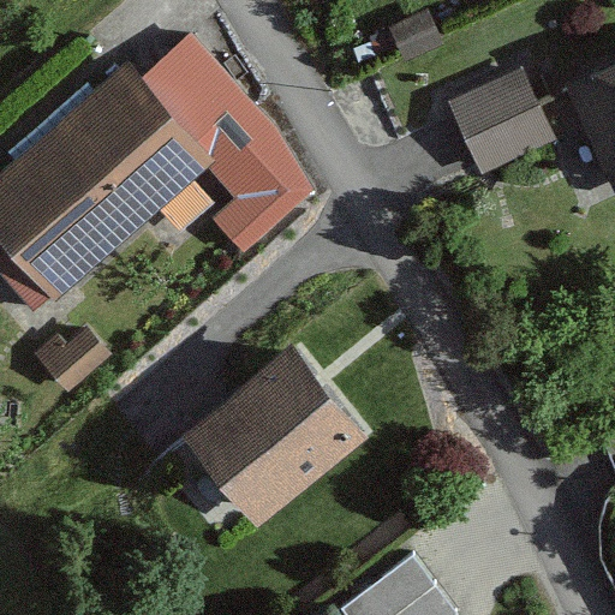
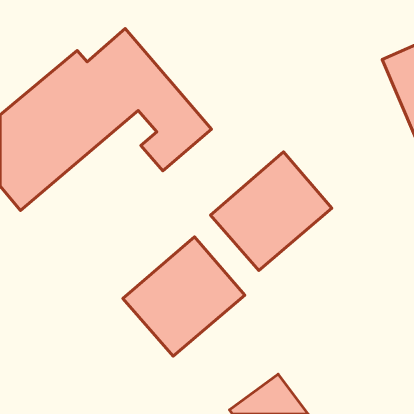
building: [450,66,559,172] -> none
building: none -> [210,152,332,270]

